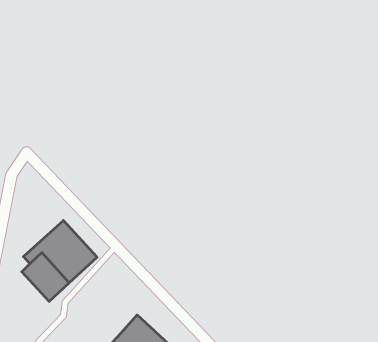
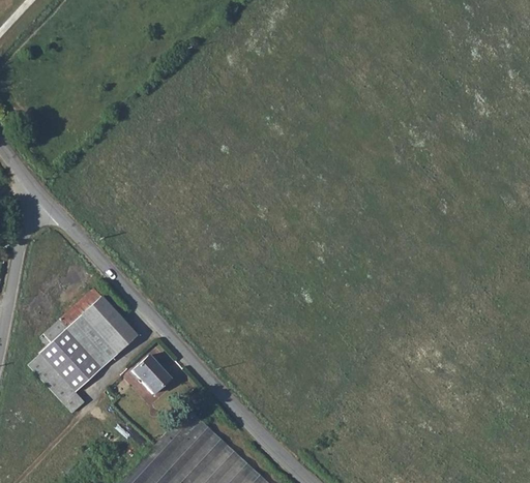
building: none -> [31,358,87,417]
building: none -> [135,359,172,398]

